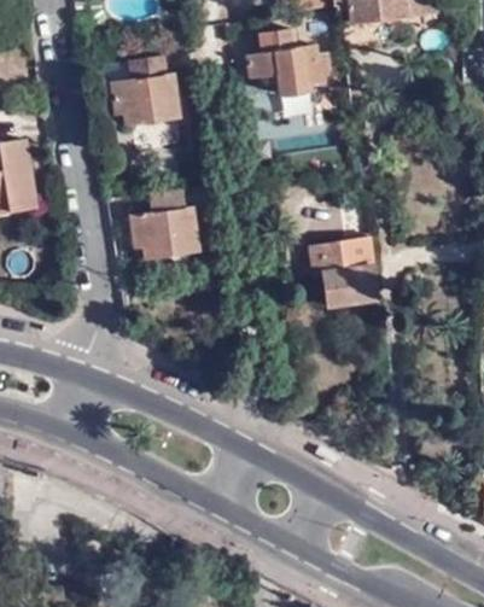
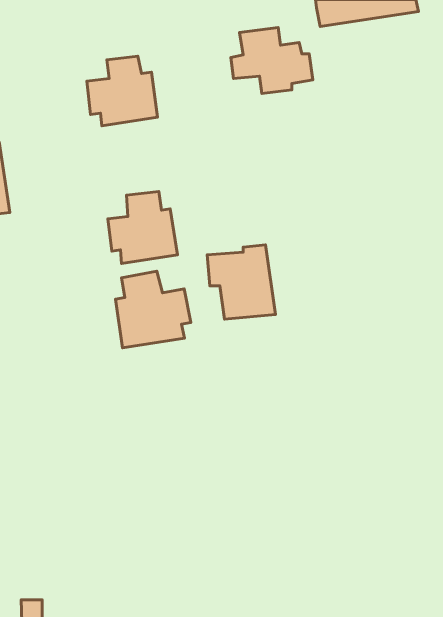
building: [313,235,379,308] -> [207,245,276,319]
building: none -> [115,271,191,348]

